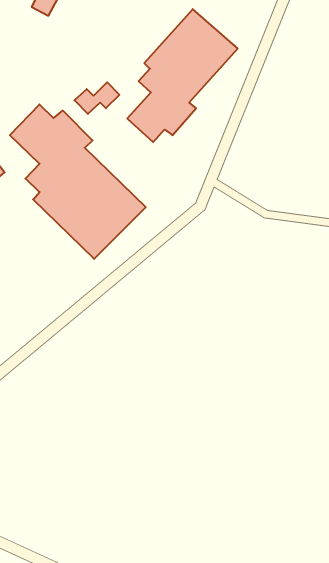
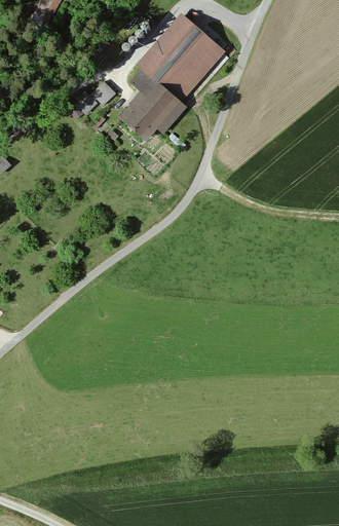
building: [10,104,146,259] -> none

